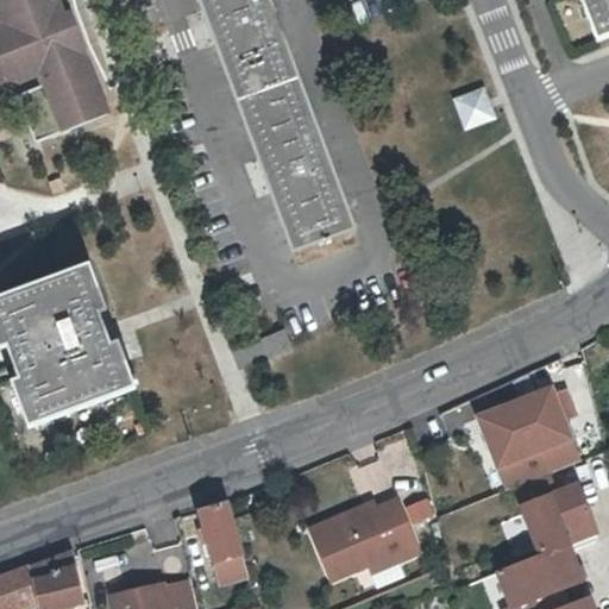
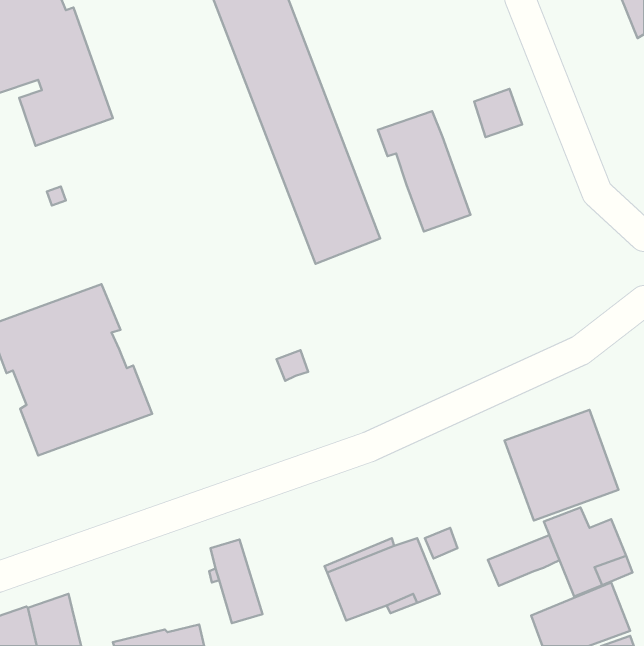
building: none -> [378,111,470,232]
building: none -> [488,535,560,586]

